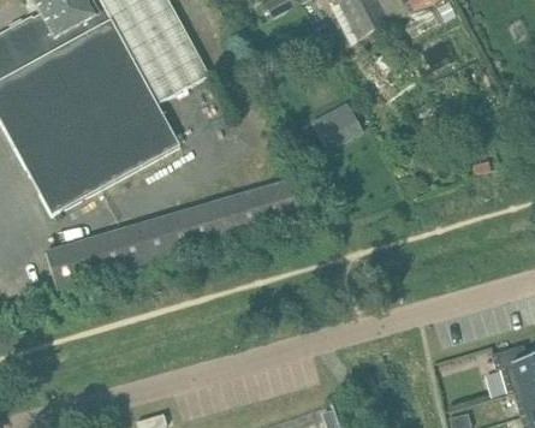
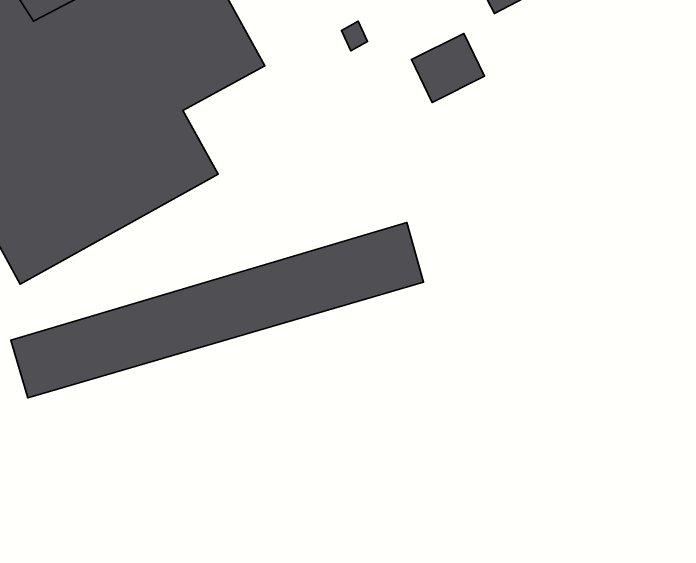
building: [314,99,361,143] -> [412,33,484,102]

